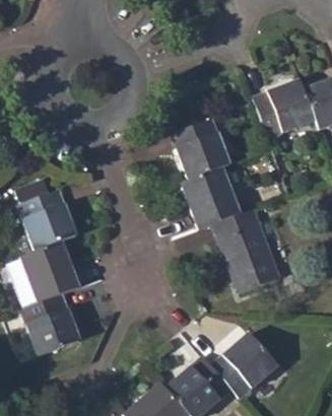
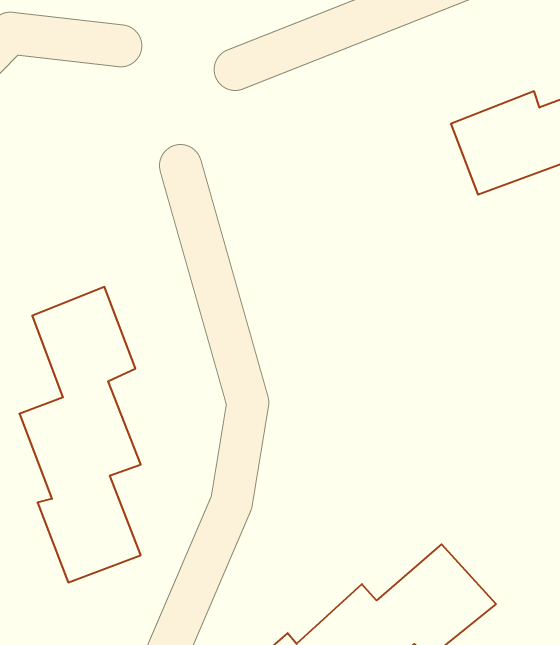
building: [171,119,280,292] -> none

